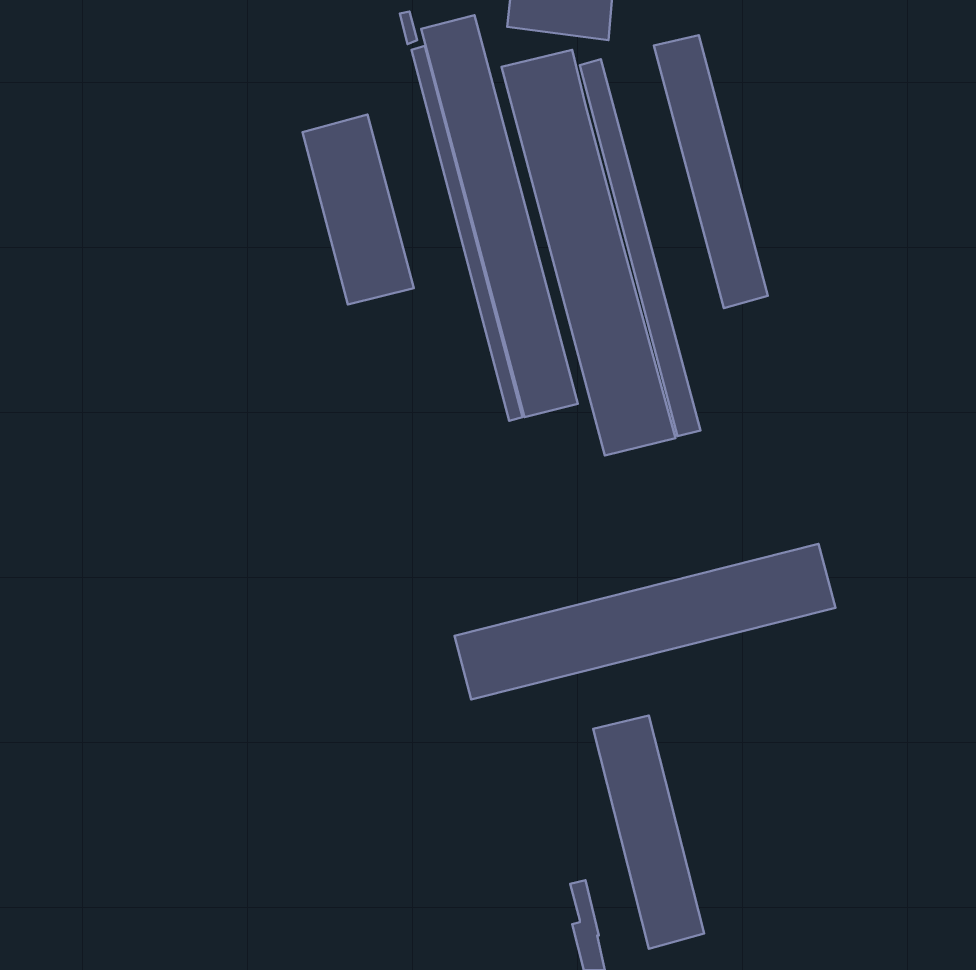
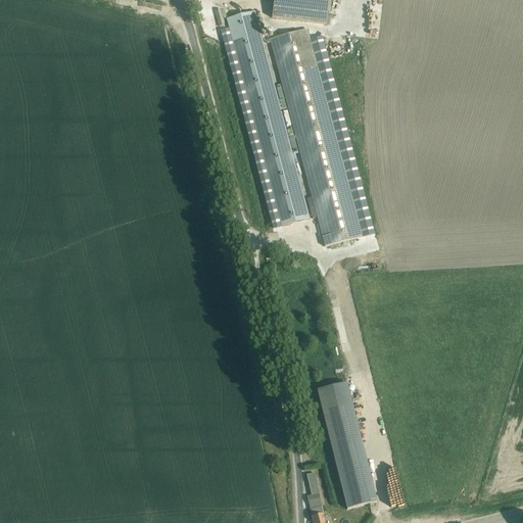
building: [654,35,768,308] -> none
building: [302,115,414,305] -> none
building: [454,544,835,700] -> none

